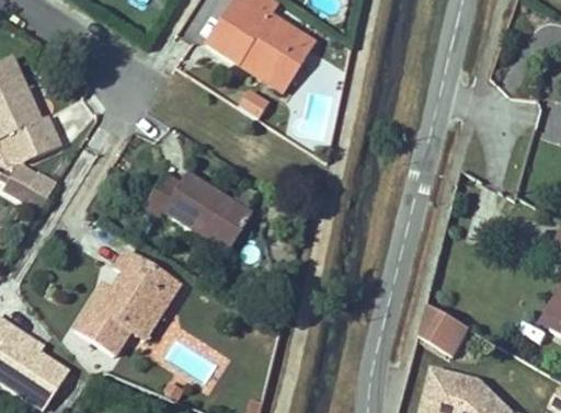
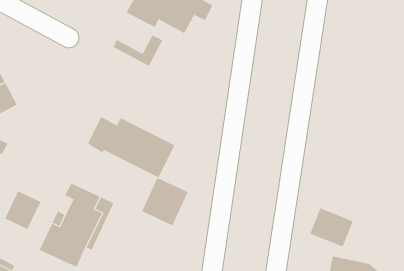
building: [240,53,304,92] -> [113,35,163,67]
building: none -> [141,177,188,226]
building: none -> [4,190,41,230]

